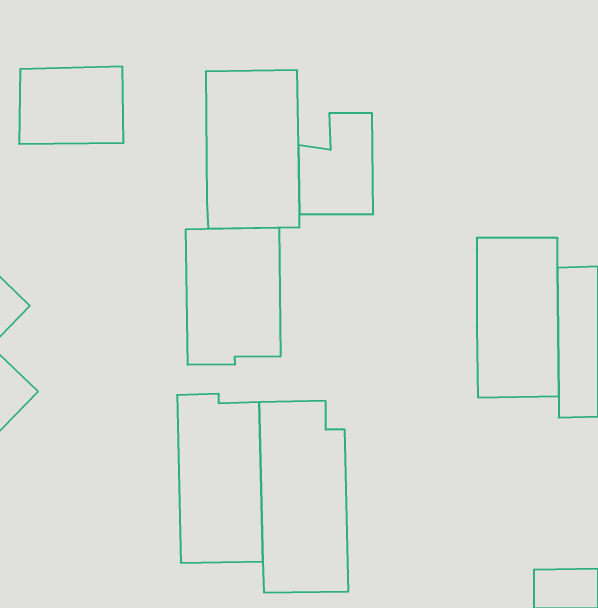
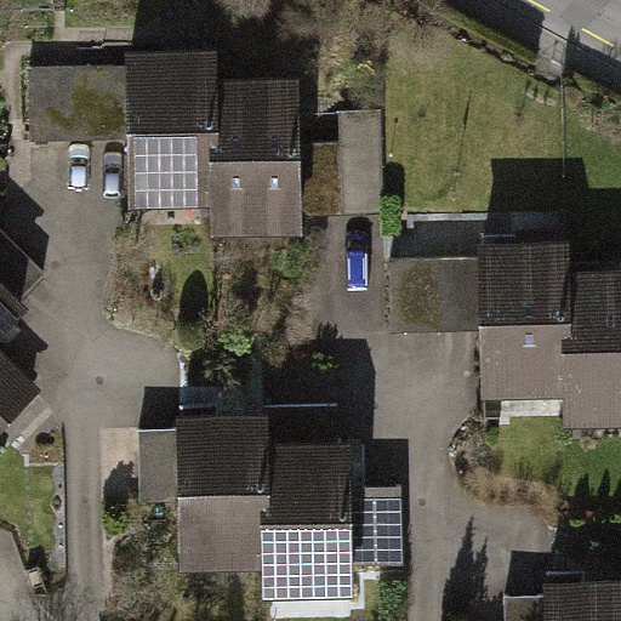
building: none -> [125,44,211,206]
building: [186,228,281,365] -> none
building: none -> [382,253,486,334]

